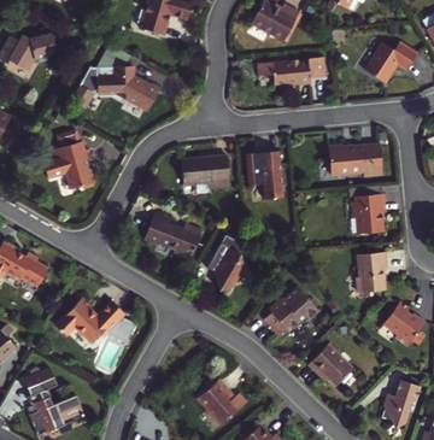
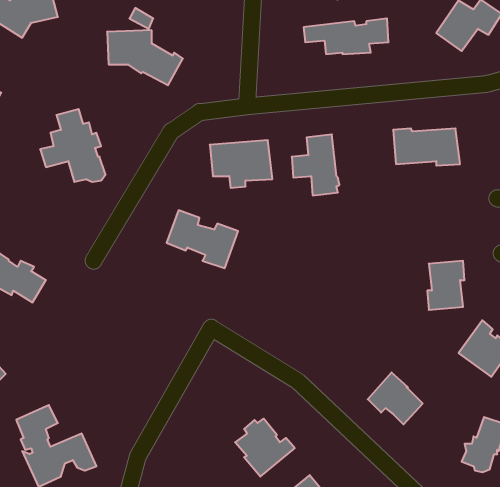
building: [348,193,386,233] -> none
building: [207,235,247,289] -> none
building: [264,288,317,338] -> none
building: [57,298,137,344] -> none

